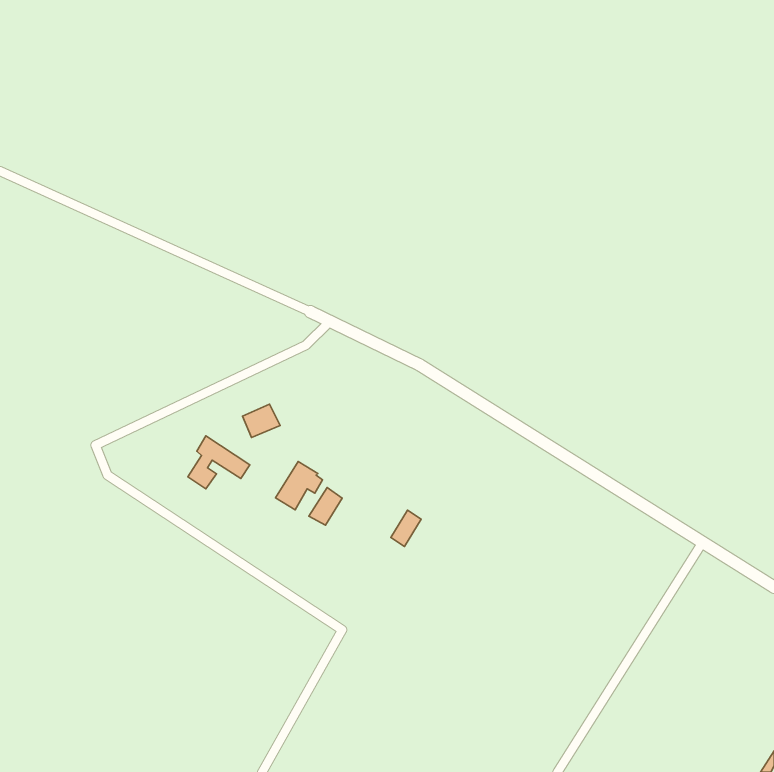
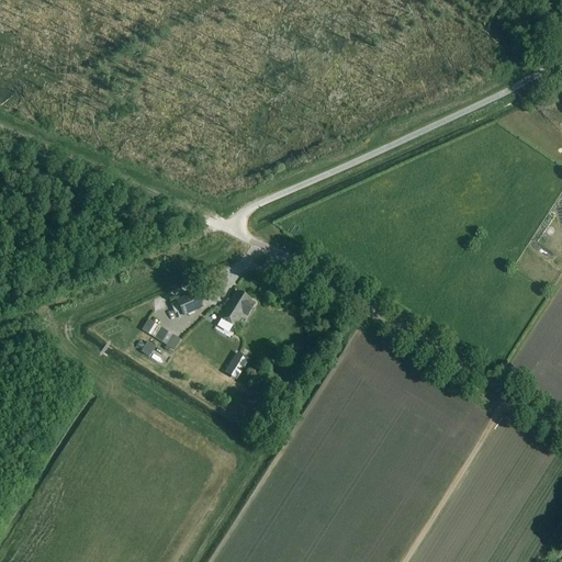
building: [275,462,322,510] -> [220,292,254,327]

